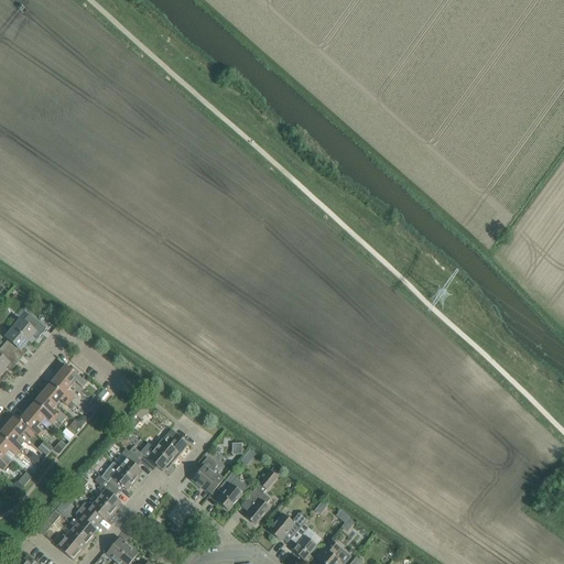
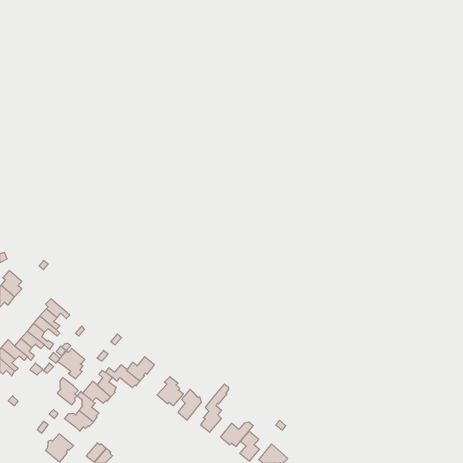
building: [11,314,45,341] -> none
building: none -> [58,348,85,379]
building: [72,508,97,541] -> [57,378,78,405]

